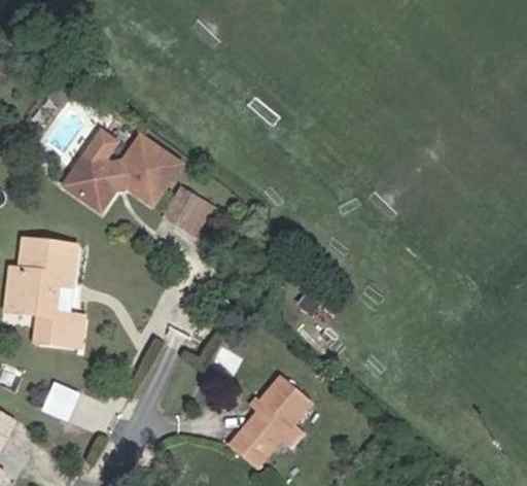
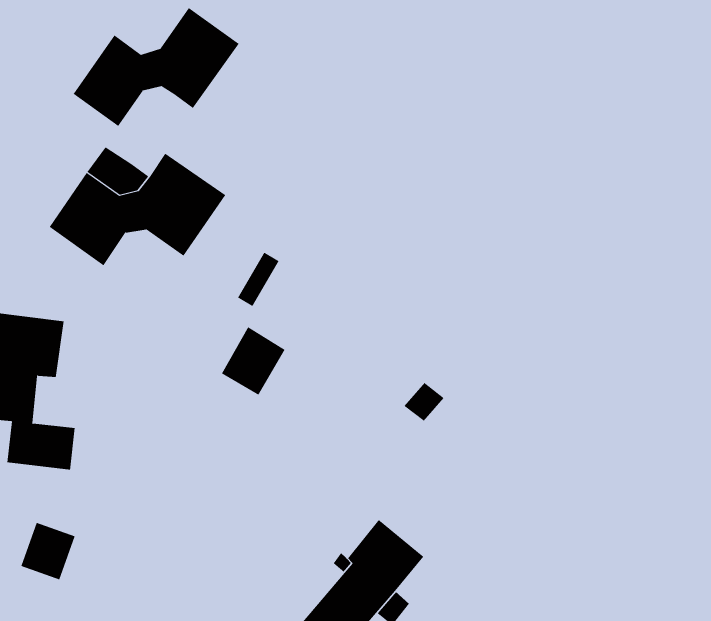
building: none -> [73,7,240,127]
building: [163,186,205,232] -> [221,326,286,396]

